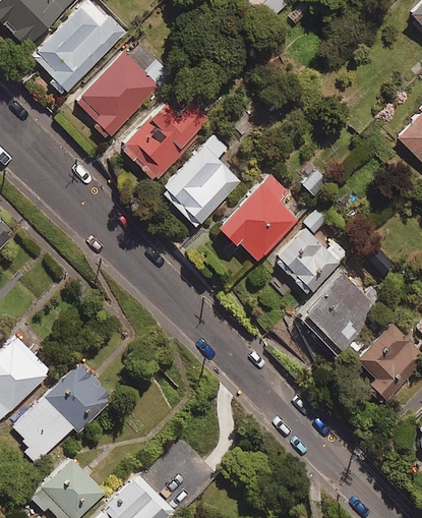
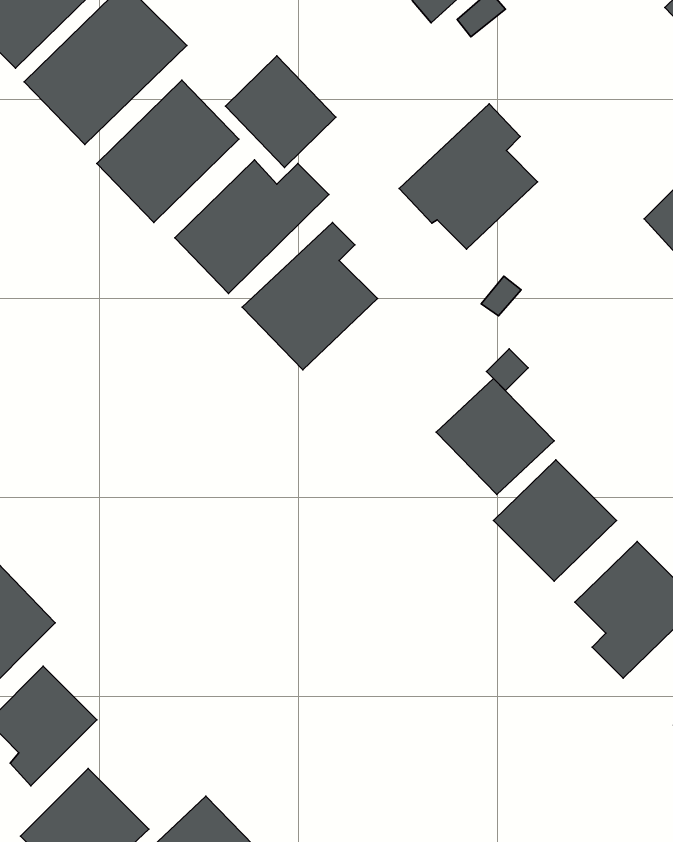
building: none -> [226,56,336,167]
building: [218,174,299,260] -> [399,104,538,249]
building: [44,365,113,434] -> none

